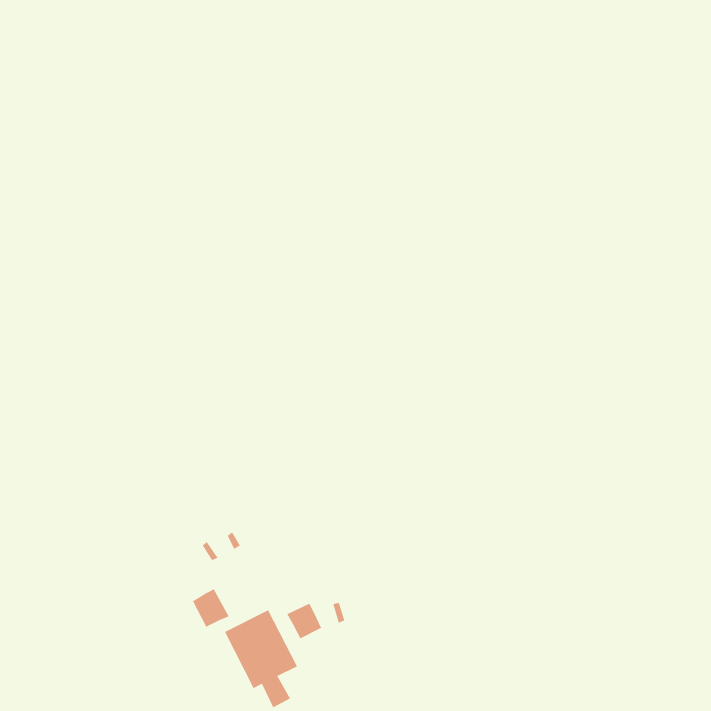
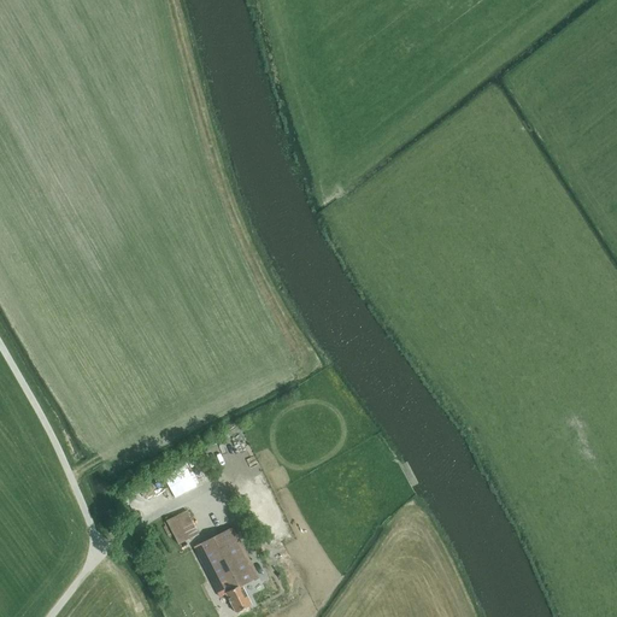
building: [286,603,322,639] -> none

